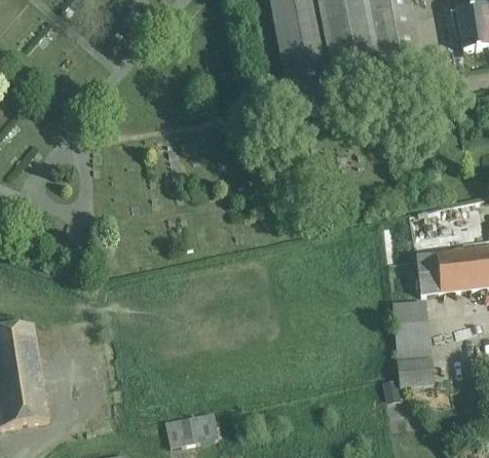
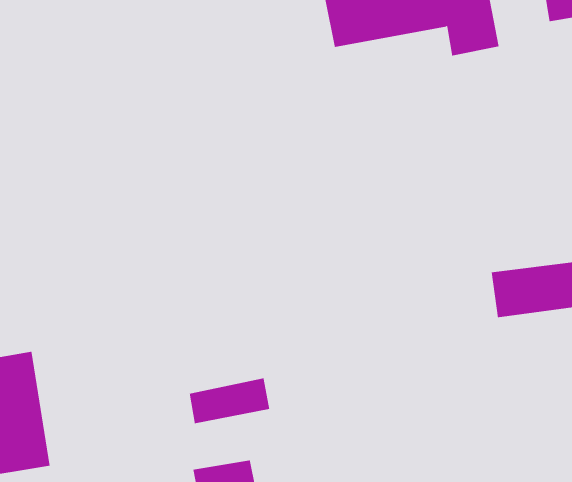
building: [391,298,431,386] -> none
building: none -> [189,377,270,424]

